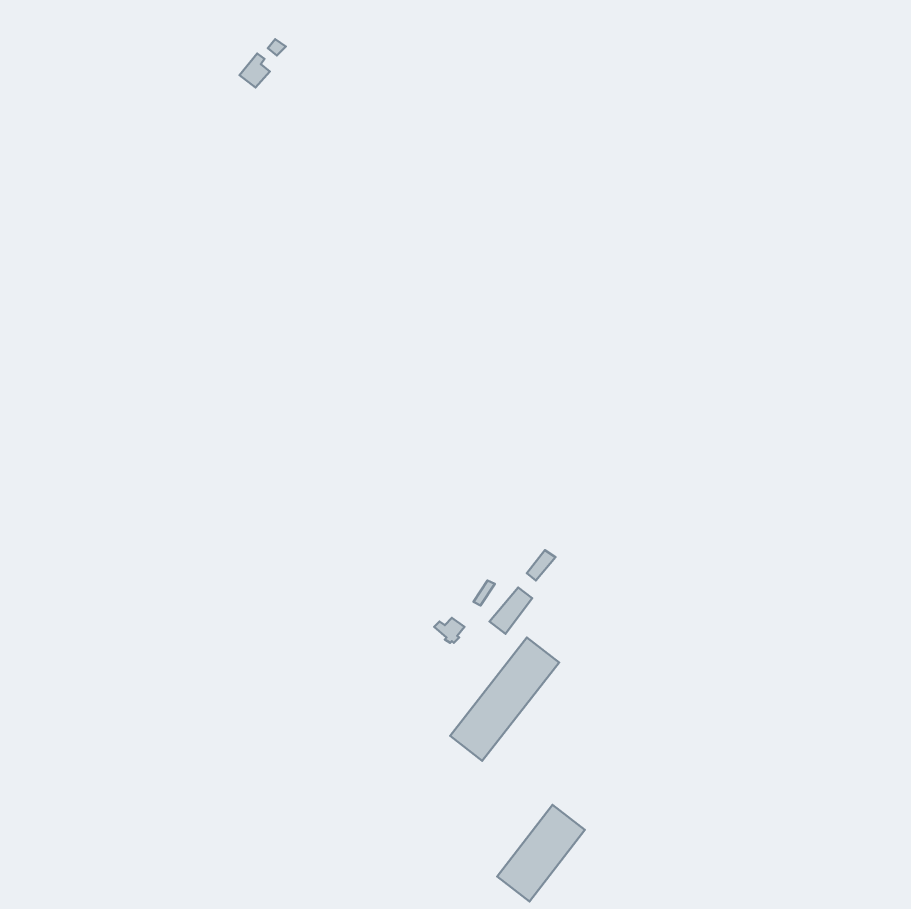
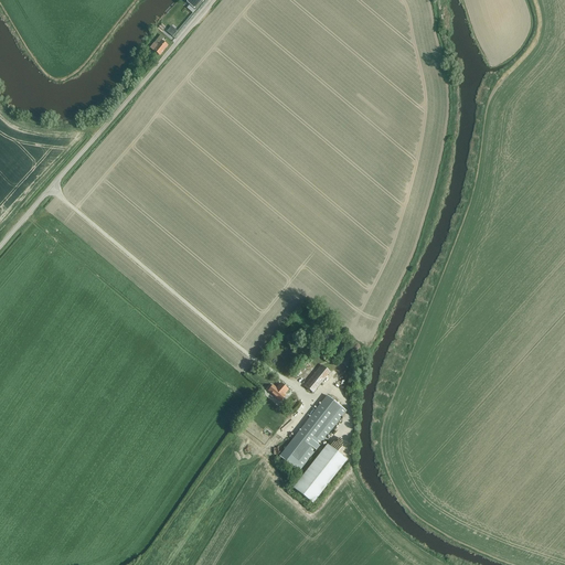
building: [497,805,585,901] -> [291,443,345,502]

